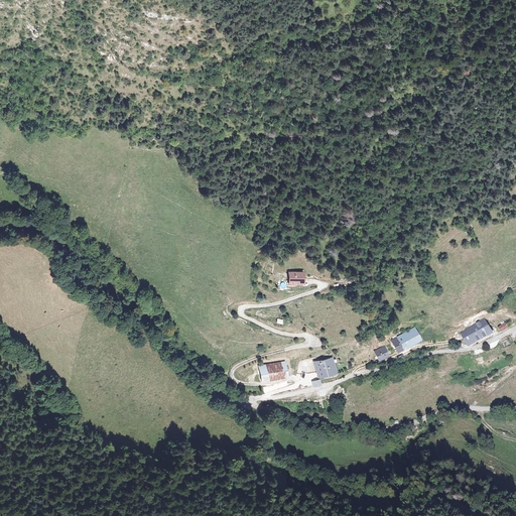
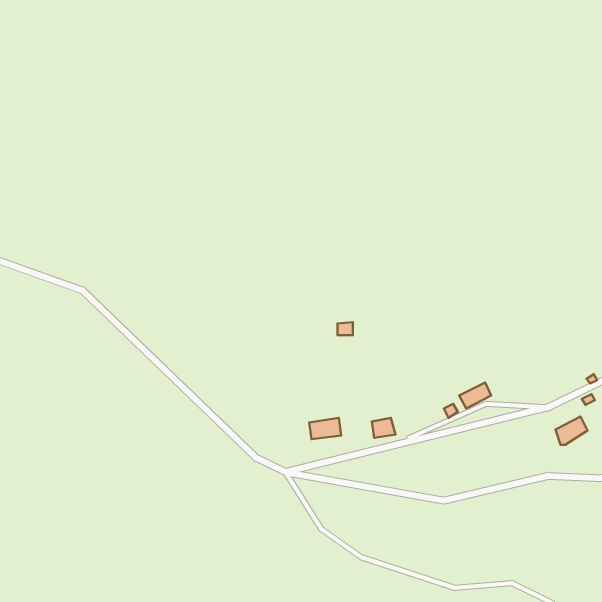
building: [461,320,488,345] -> [556,416,588,445]

